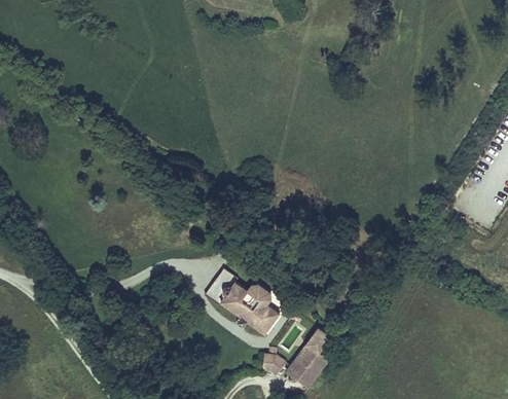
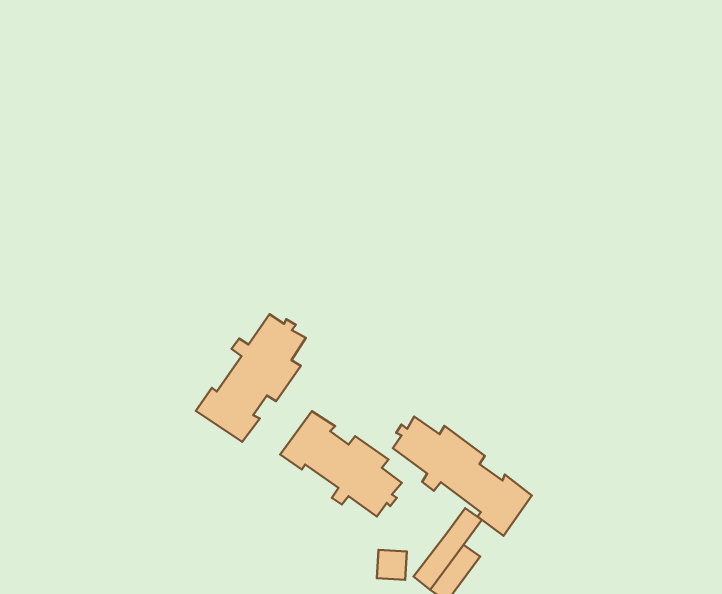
building: none -> [196,314,306,442]
building: none -> [393,417,532,536]

